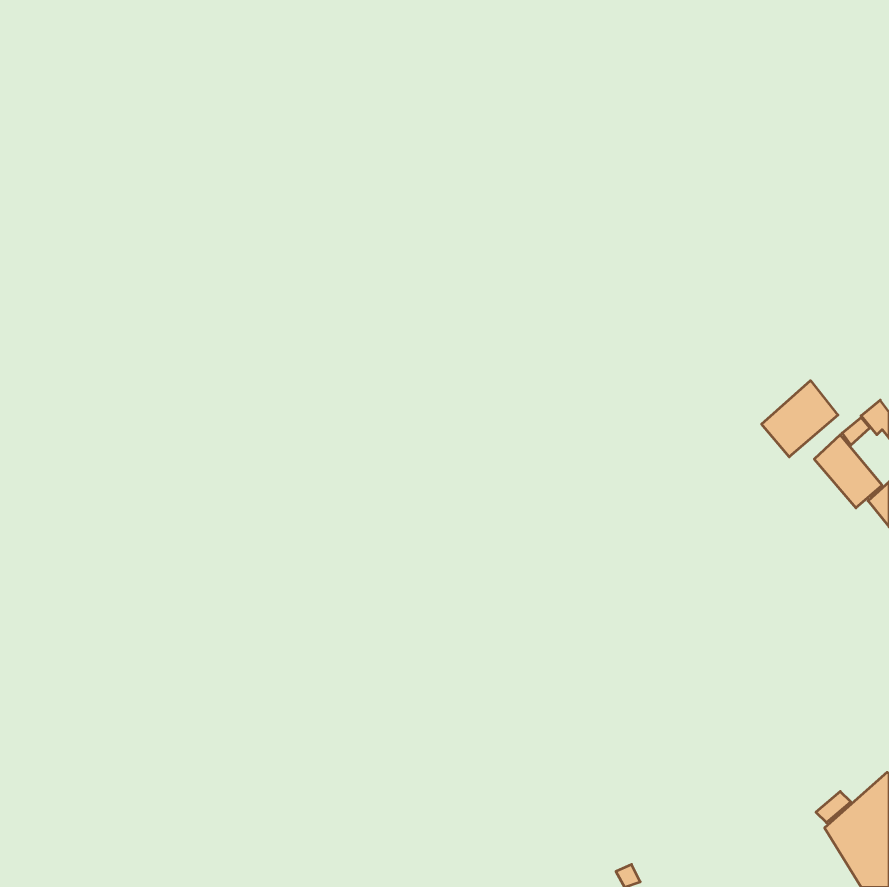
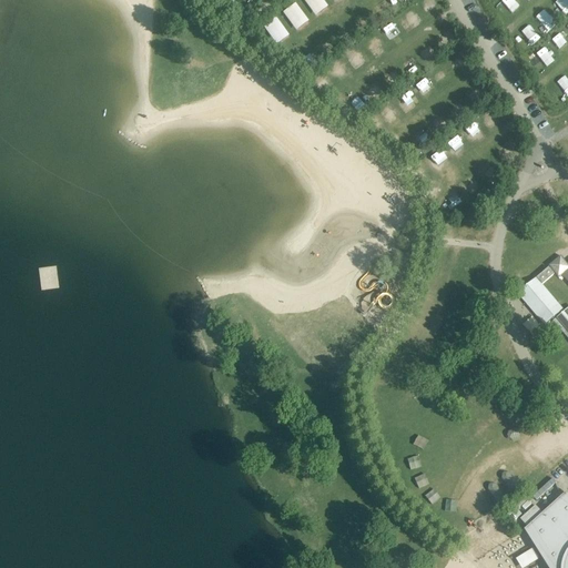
building: [762,381,838,457] -> none

